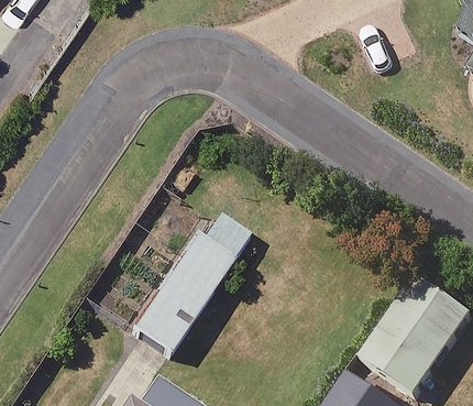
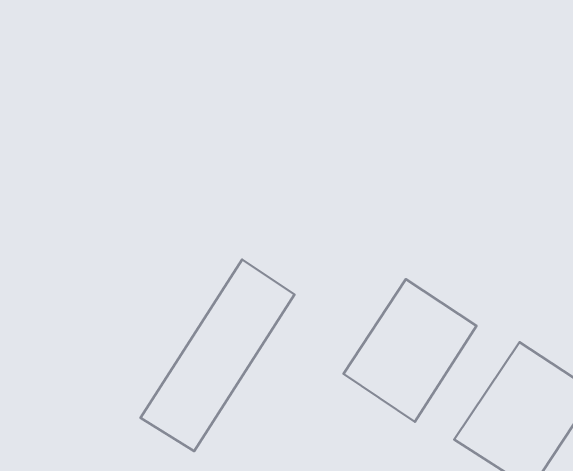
building: none -> [344,279,477,422]

